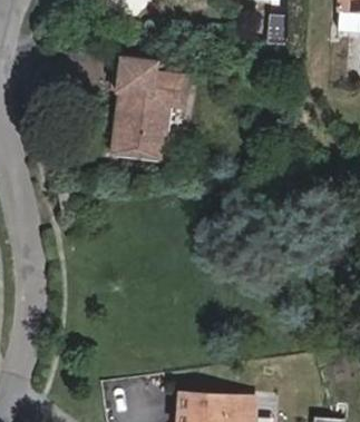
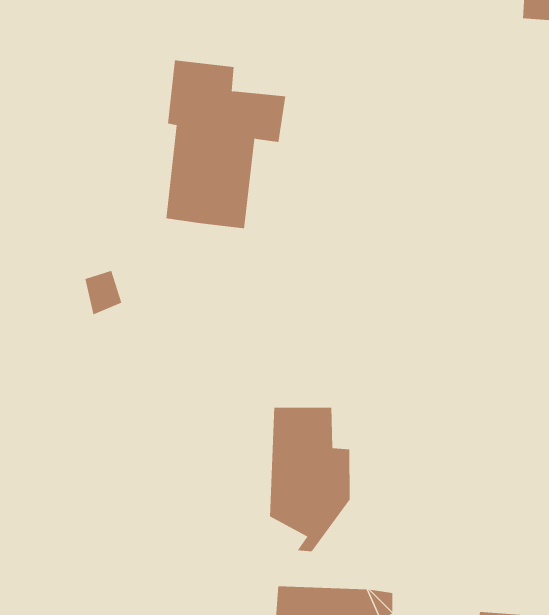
building: none -> [269,407,350,552]

